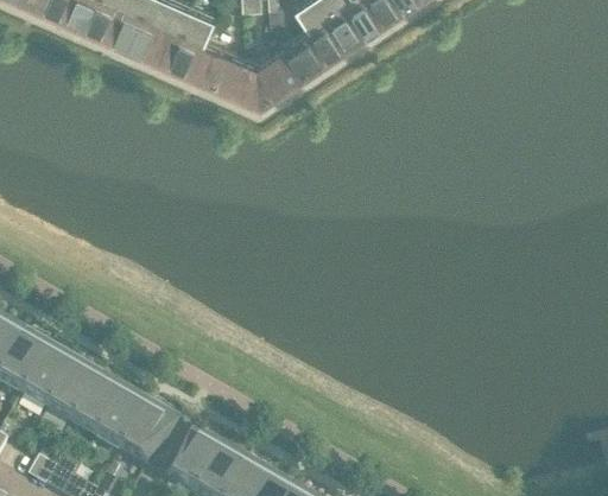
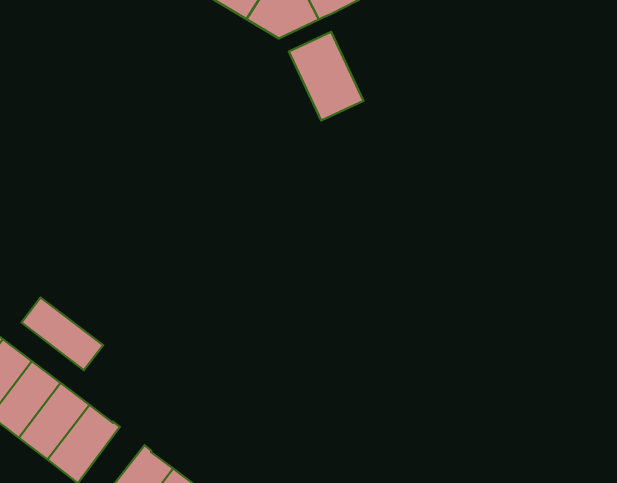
building: none -> [289,32,363,121]
building: none -> [21,298,103,370]

